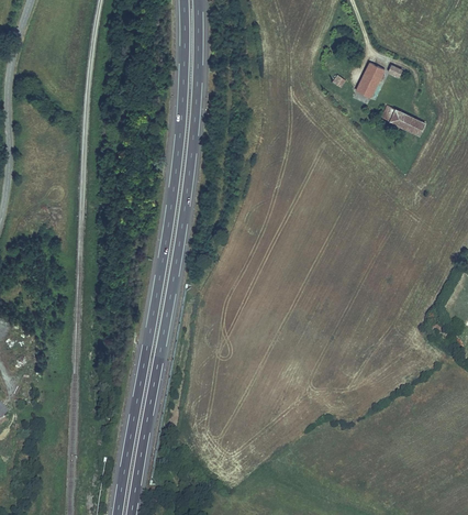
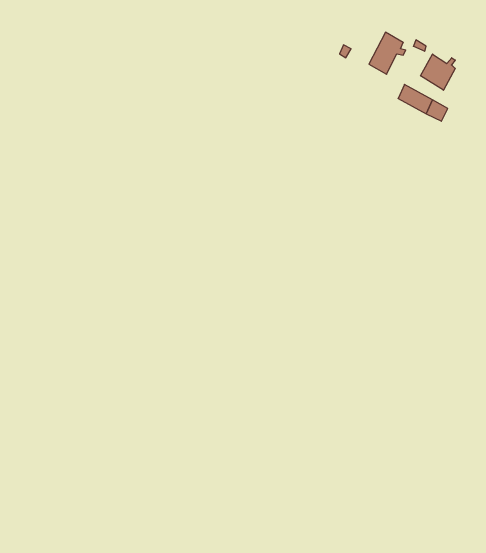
building: none -> [421,54,455,90]

